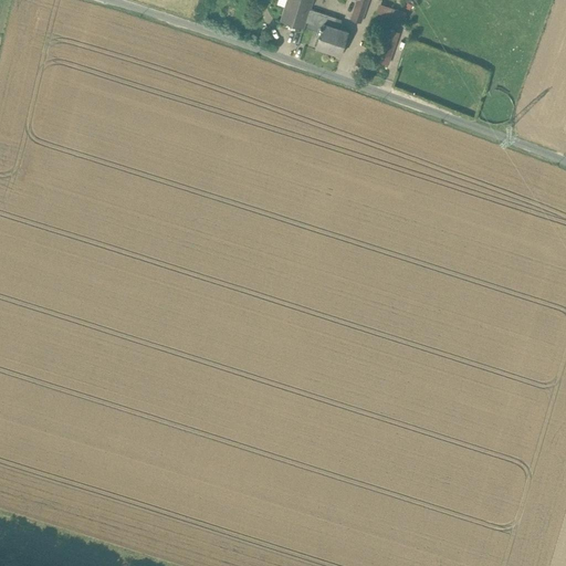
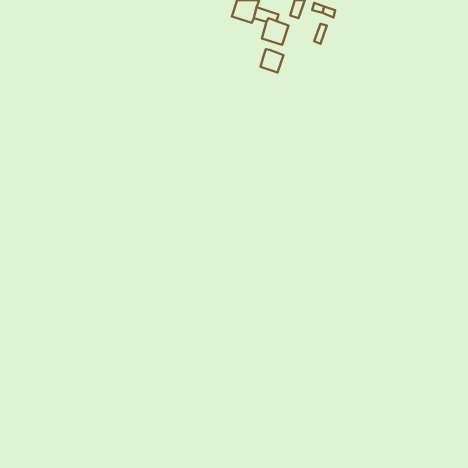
building: none -> [261,49,283,72]

